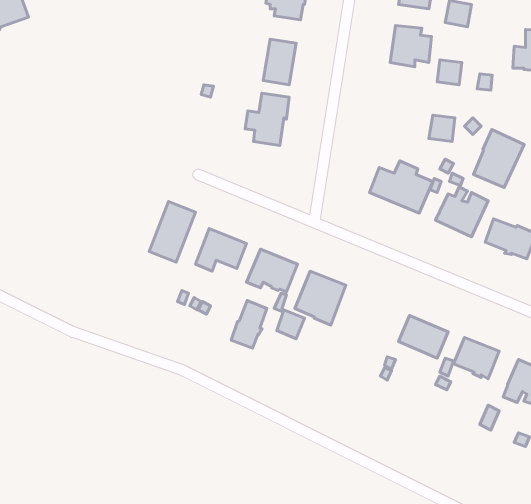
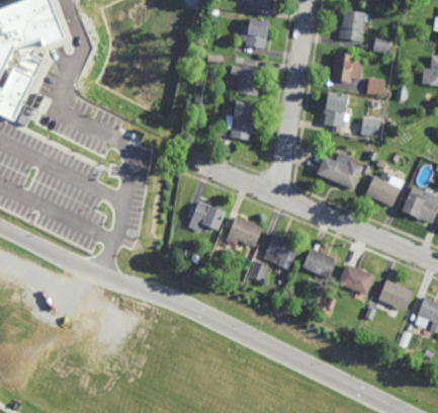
building: none -> [322,90,348,128]
building: [473,129,524,188] -> none
building: [149,201,196,262] -> none
building: none -> [300,248,335,279]
building: [231,300,267,348] -> none

